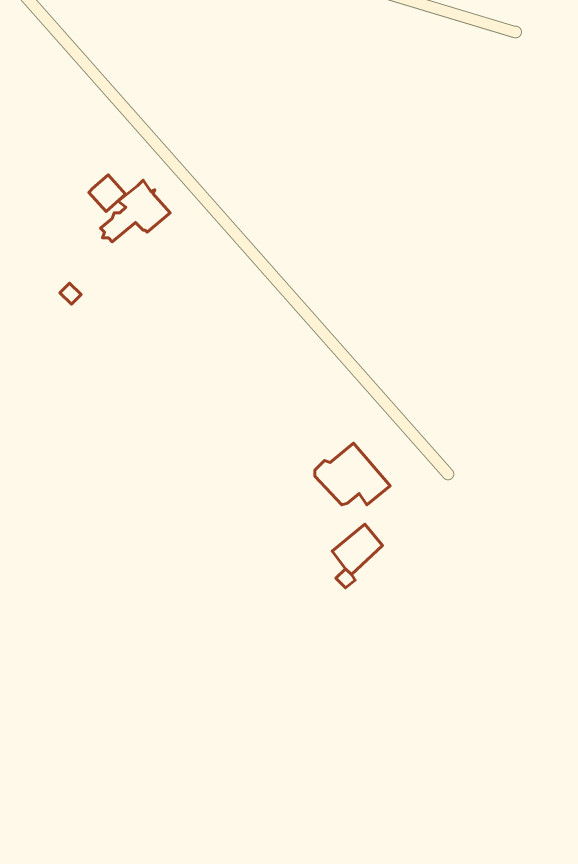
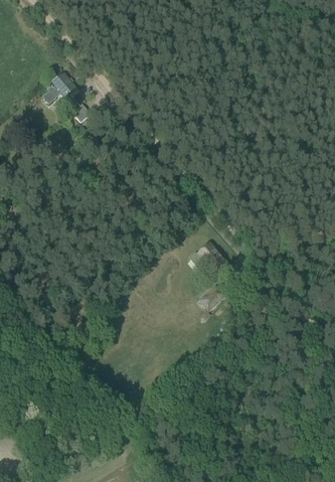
building: [101,180,170,242] -> [42,71,78,104]

